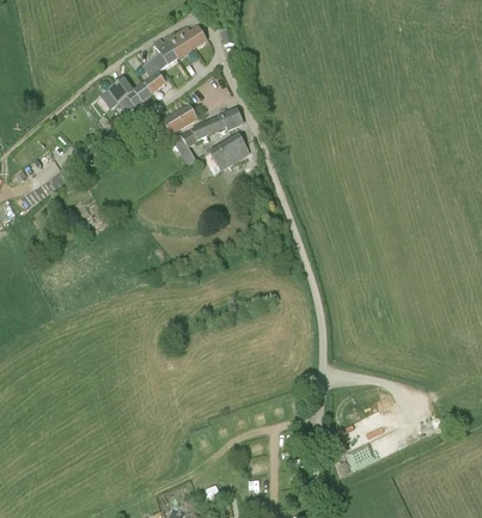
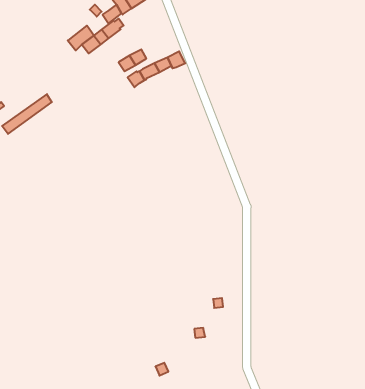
building: [202,134,248,172] -> none

